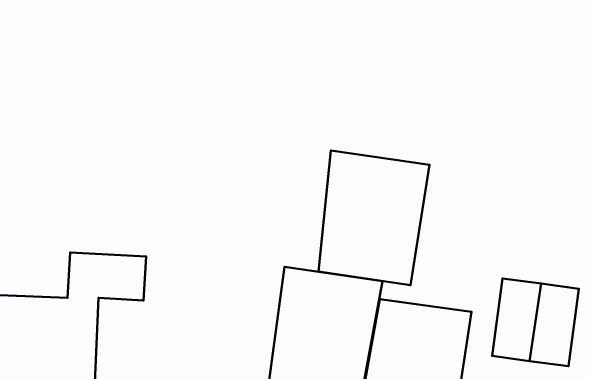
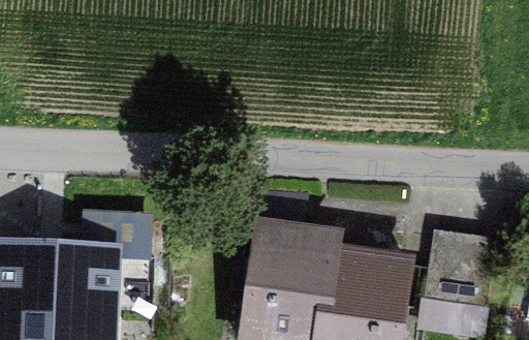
building: [318,151,430,285] -> none

